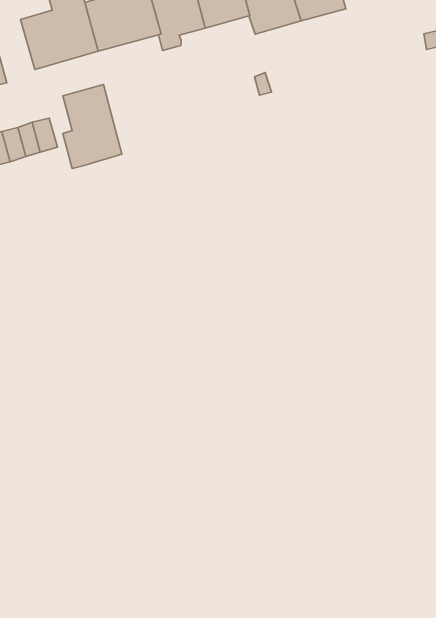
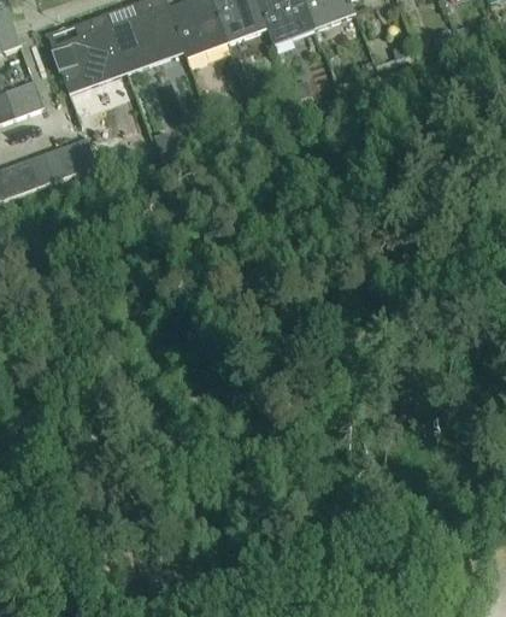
building: [63,85,122,169] -> none

